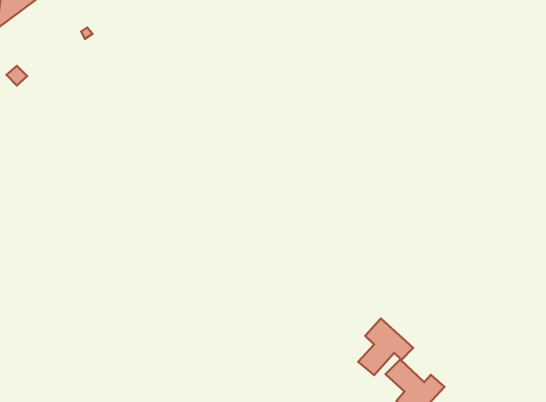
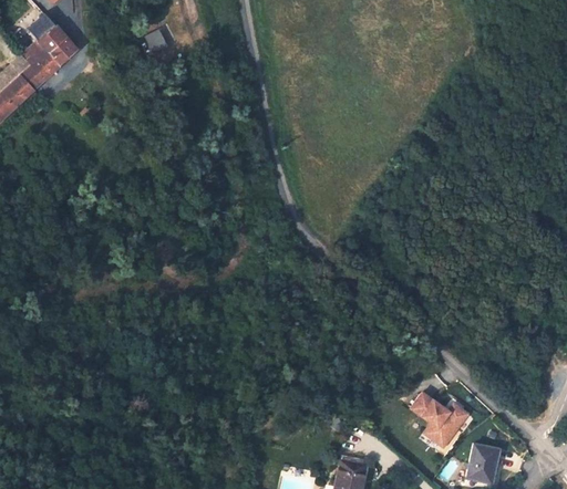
building: [358,319,413,375] -> none

